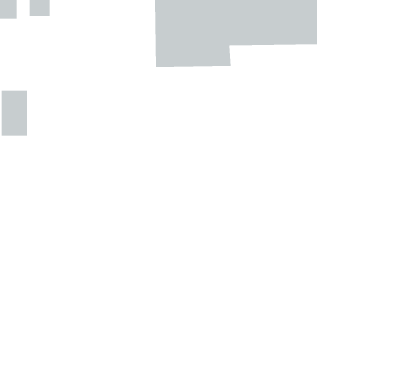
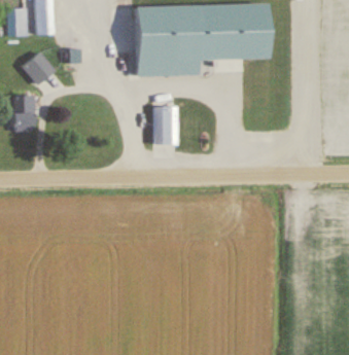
building: none -> [22,52,55,85]
building: none -> [153,106,175,144]

